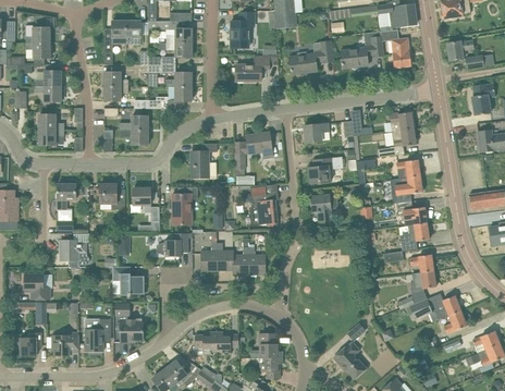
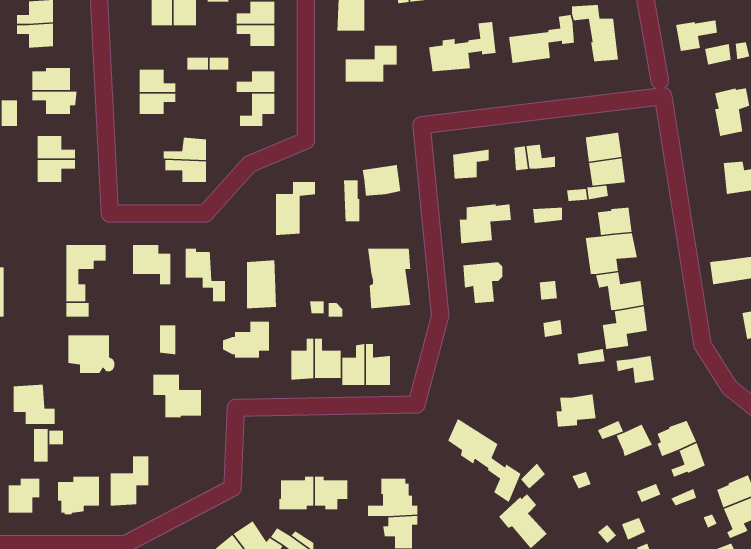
building: [409,270,435,292] -> [556,393,596,427]
building: none -> [447,418,521,503]
building: [114,302,143,341] -> none

